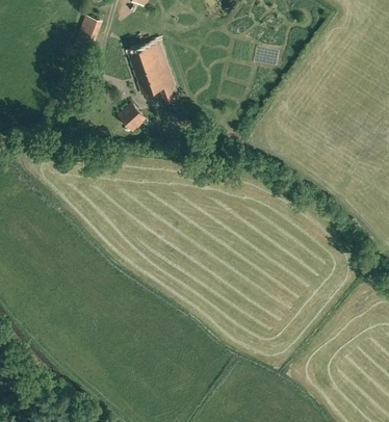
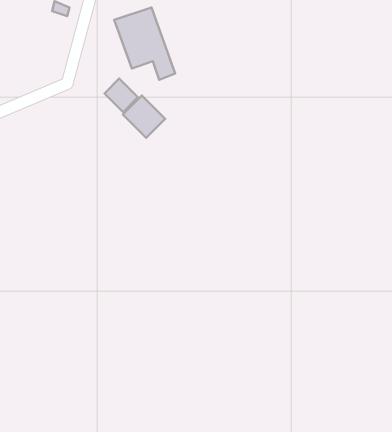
building: none -> [123,96,165,138]

